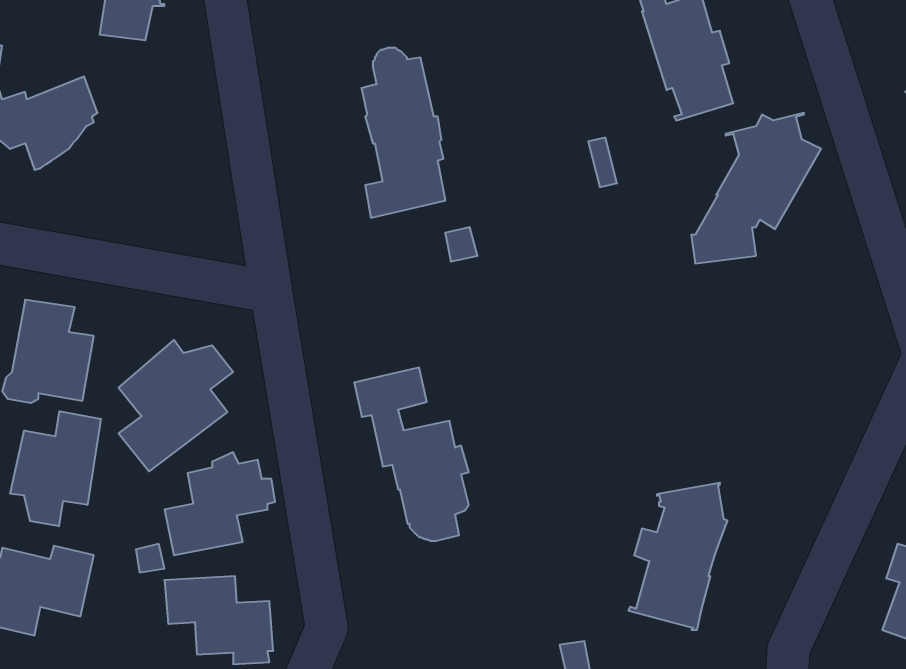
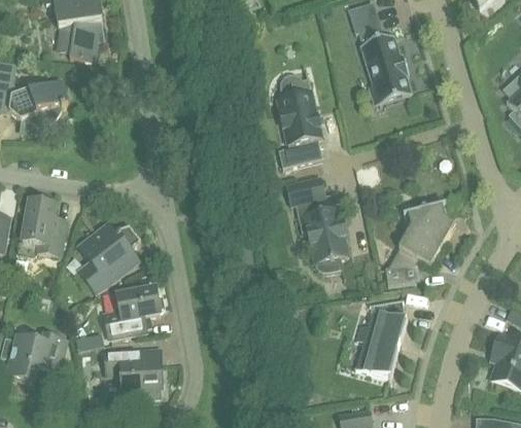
building: [361,48,445,218] -> [277,75,322,167]
building: [691,113,821,263] -> [385,202,455,283]
building: [354,367,469,541] -> [286,177,348,271]
building: [10,411,101,526] -> none

